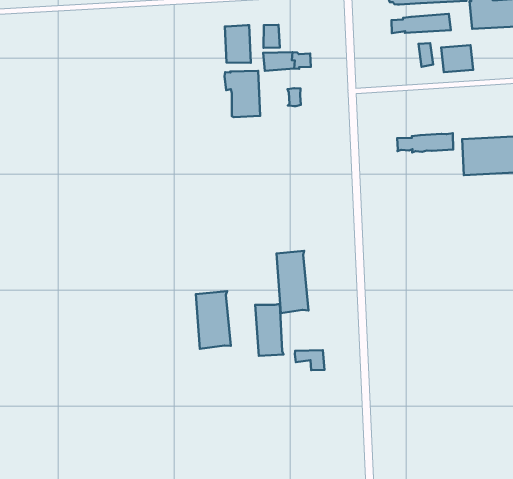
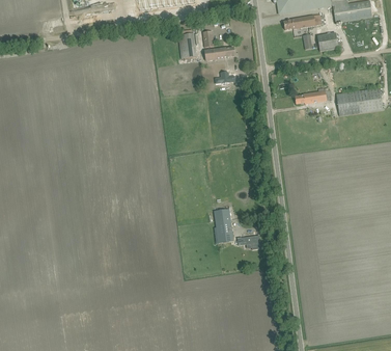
building: [225,71,260,117] -> none
building: [277,251,308,313] -> none
building: [196,291,231,349] -> none

